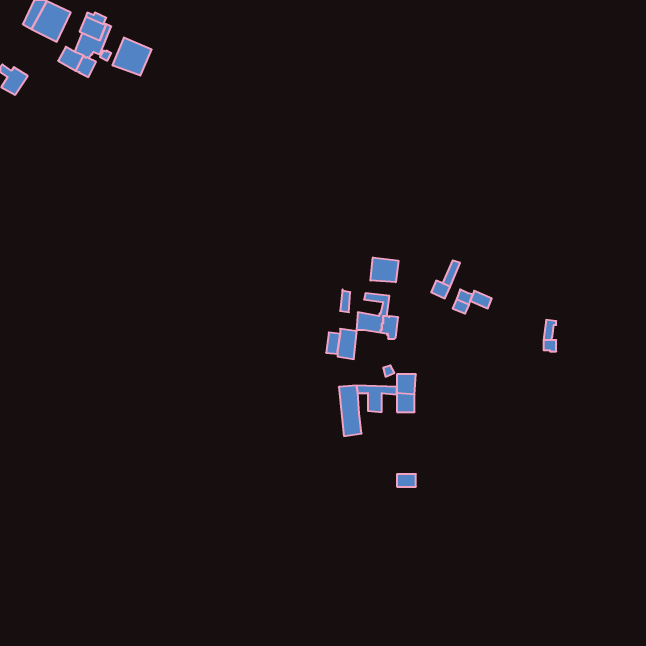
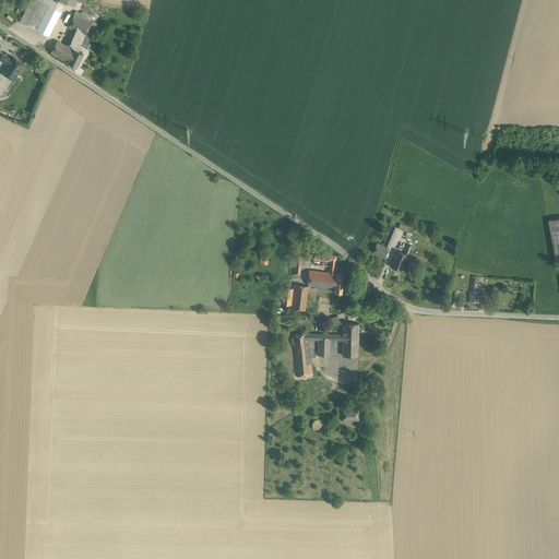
building: [113,37,152,76] -> none
building: [370,257,398,282] -> none

